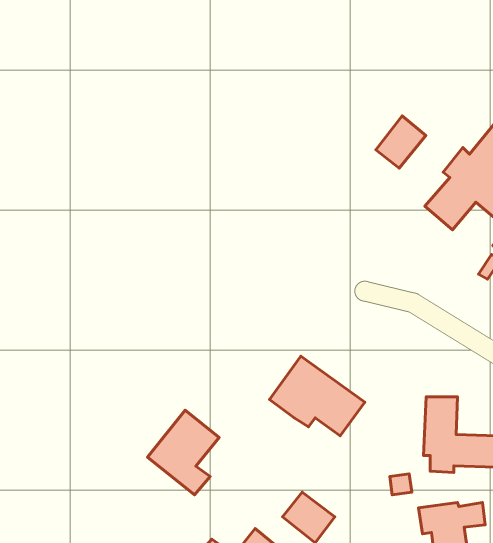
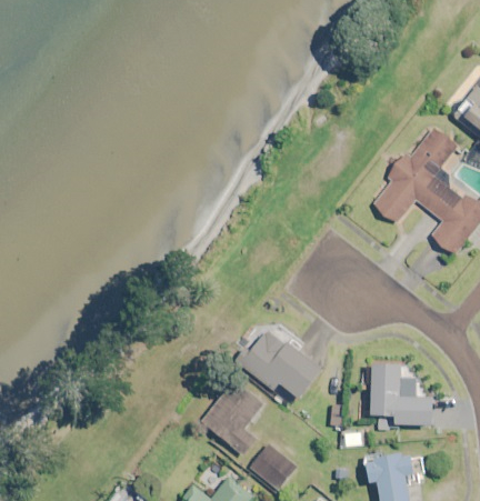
building: [376,116,426,168] -> none
building: [147,410,219,495] -> [203,381,264,453]

